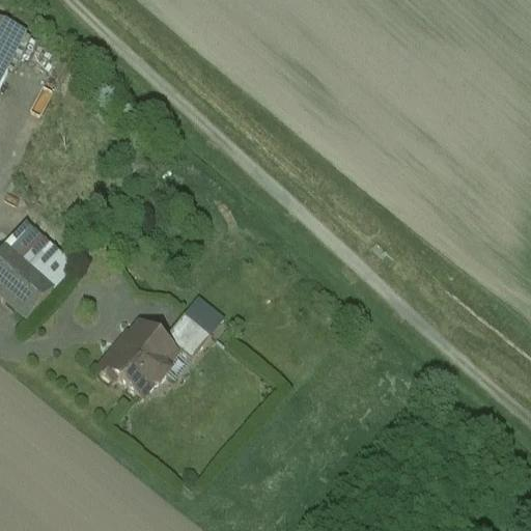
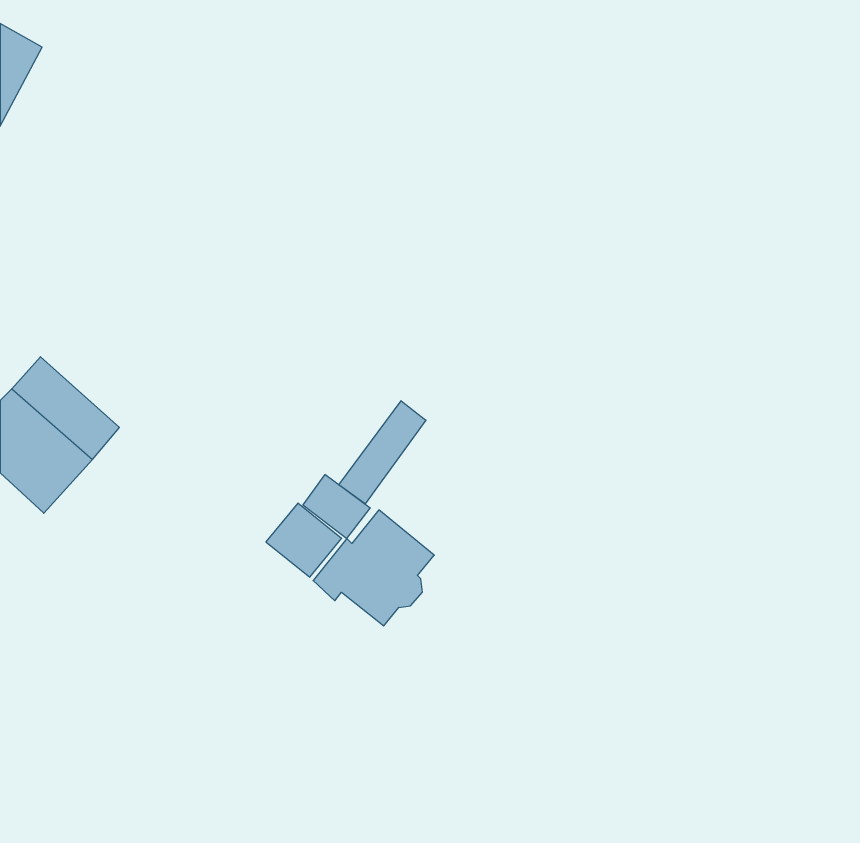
building: none -> [339,401,426,504]
building: [99,320,173,392] -> [313,510,434,626]

